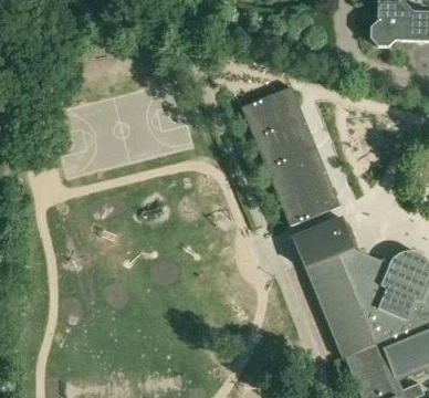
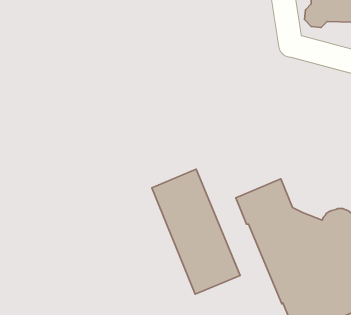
building: [241,85,341,226] -> [152,169,240,294]

